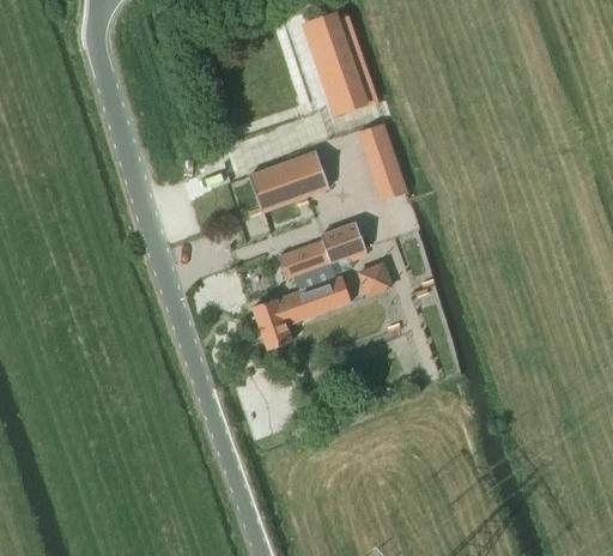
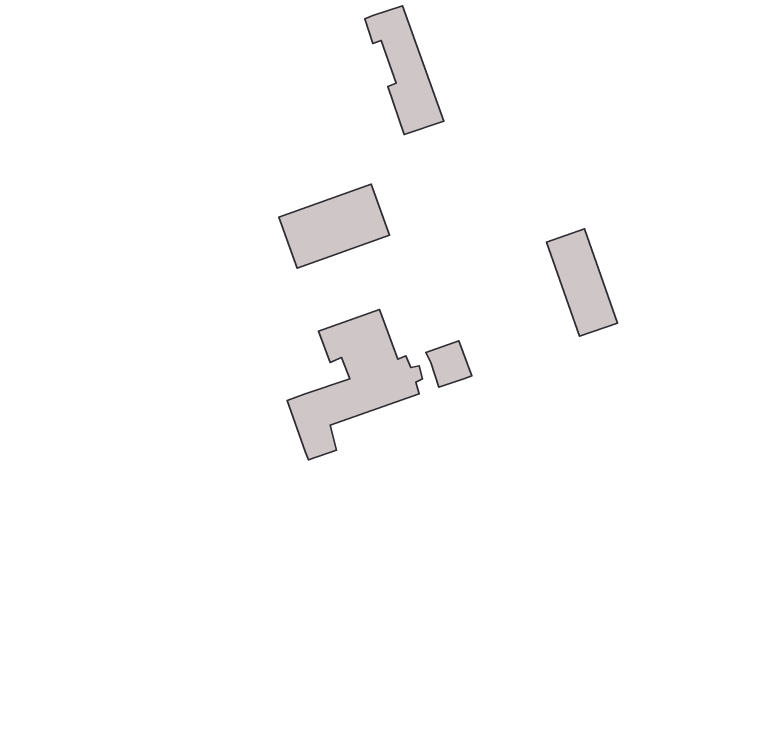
building: [356,122,407,200] -> [546,229,617,336]
building: [320,220,364,262] -> none

